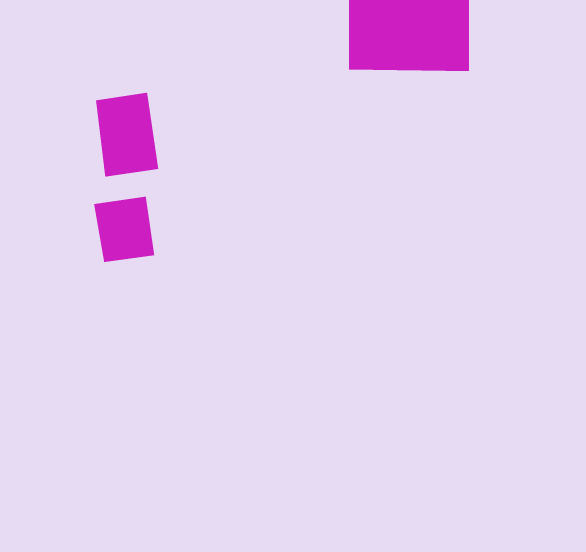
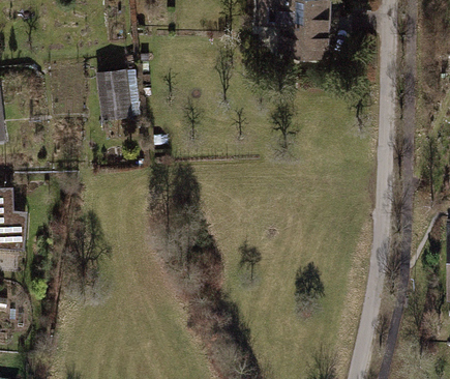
building: [94,196,155,263] -> none

